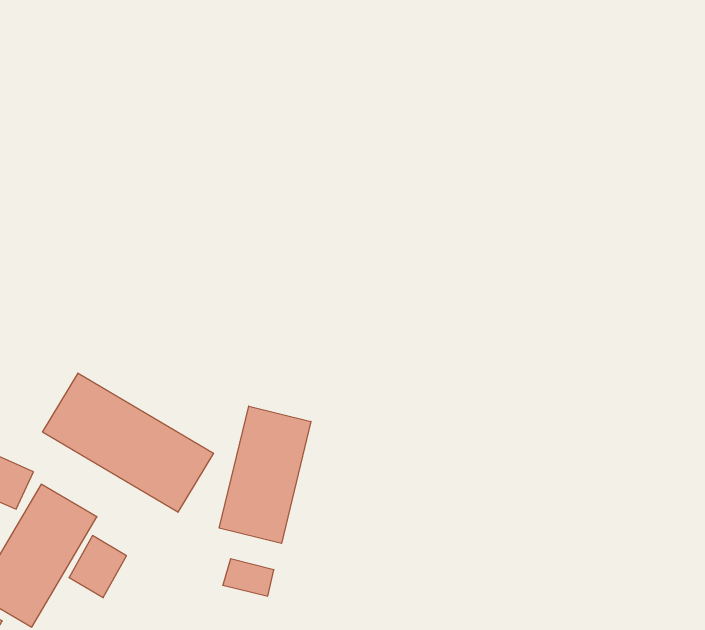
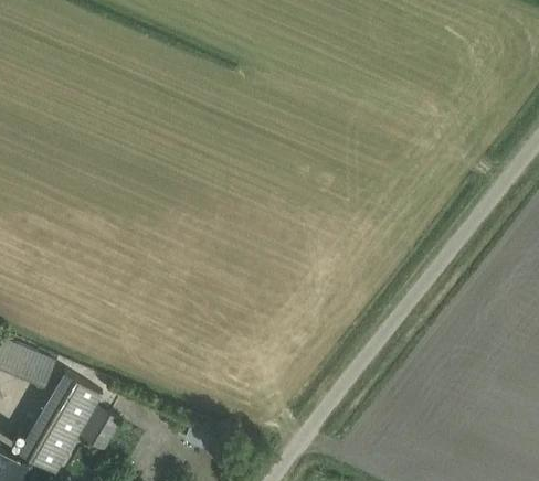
building: [43,373,213,512] -> none
building: [219,406,311,543] -> none

